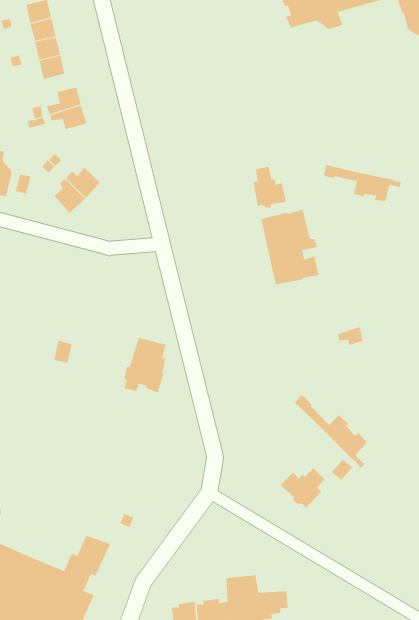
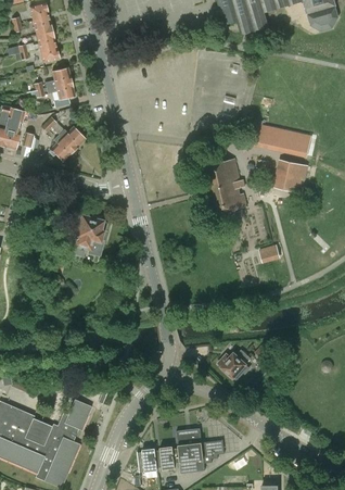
building: [253,166,287,208] -> none
building: none -> [273,160,308,193]
building: [123,337,166,393] -> [73,215,104,256]
building: [294,393,367,469] -> none

